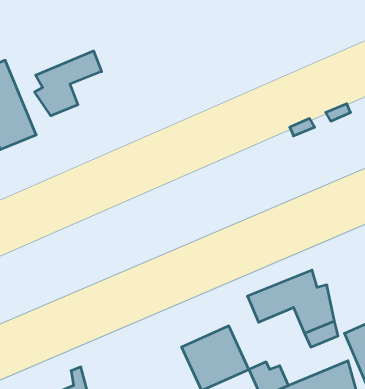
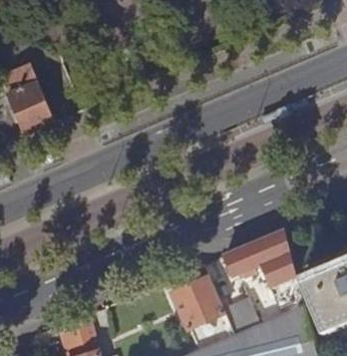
building: [35,51,102,116] -> none

